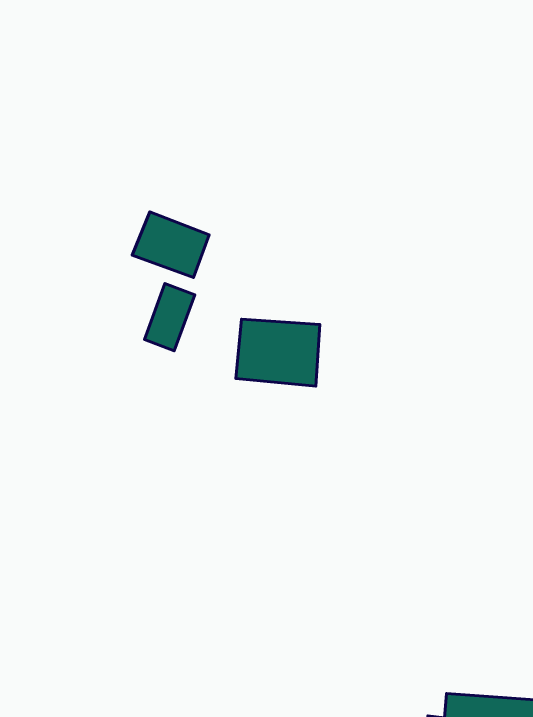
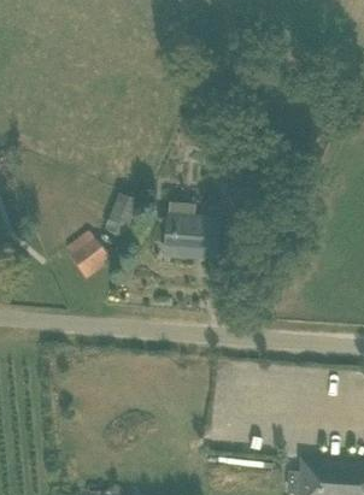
building: [132,212,209,278] -> none
building: none -> [66,230,108,276]

